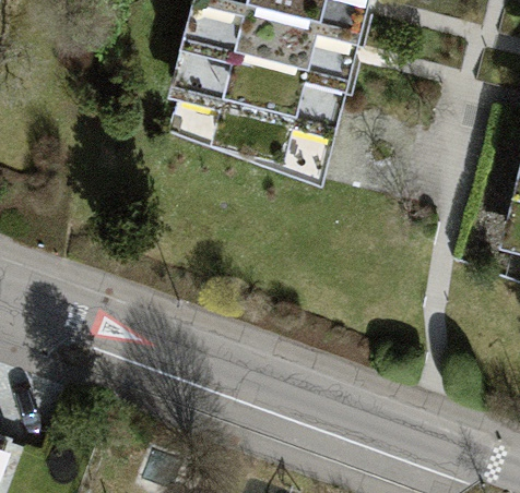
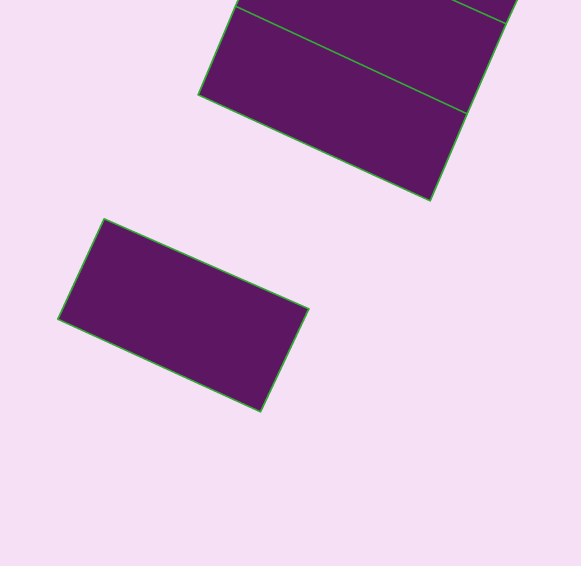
building: none -> [58,219,309,412]

